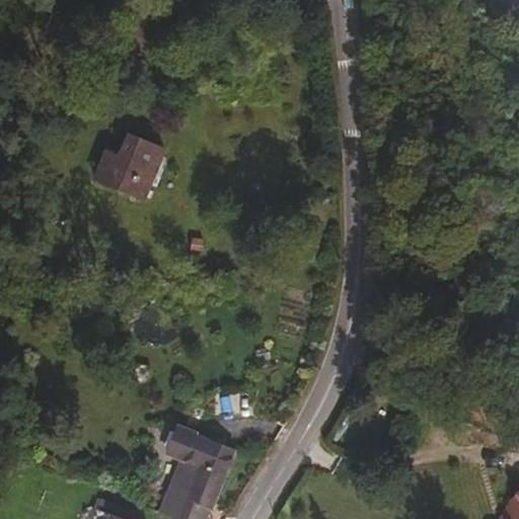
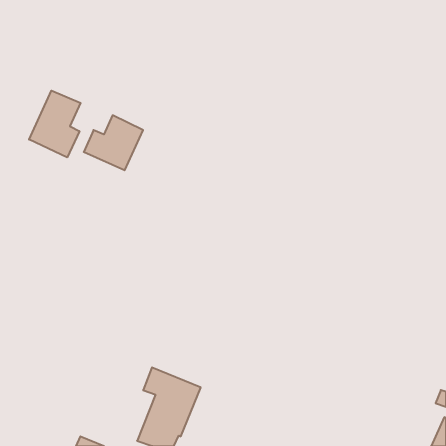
building: none -> [29,91,81,157]

